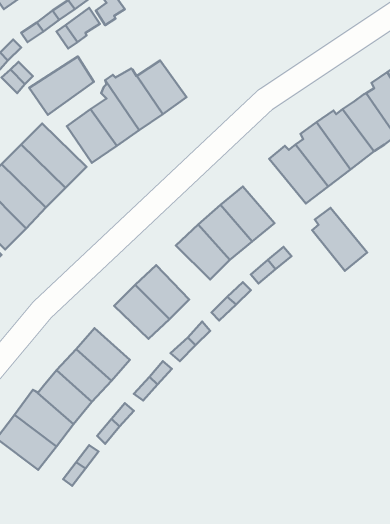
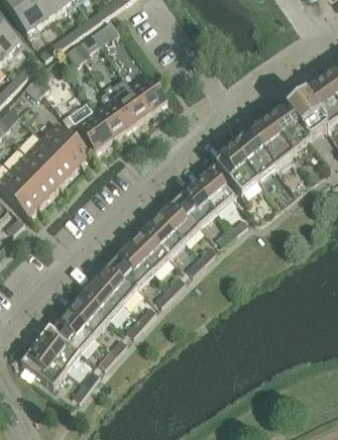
building: [29,57,94,115] -> none
building: [312,208,367,271] -> [216,148,258,197]
building: none -> [143,215,185,256]
building: none -> [96,261,137,303]

